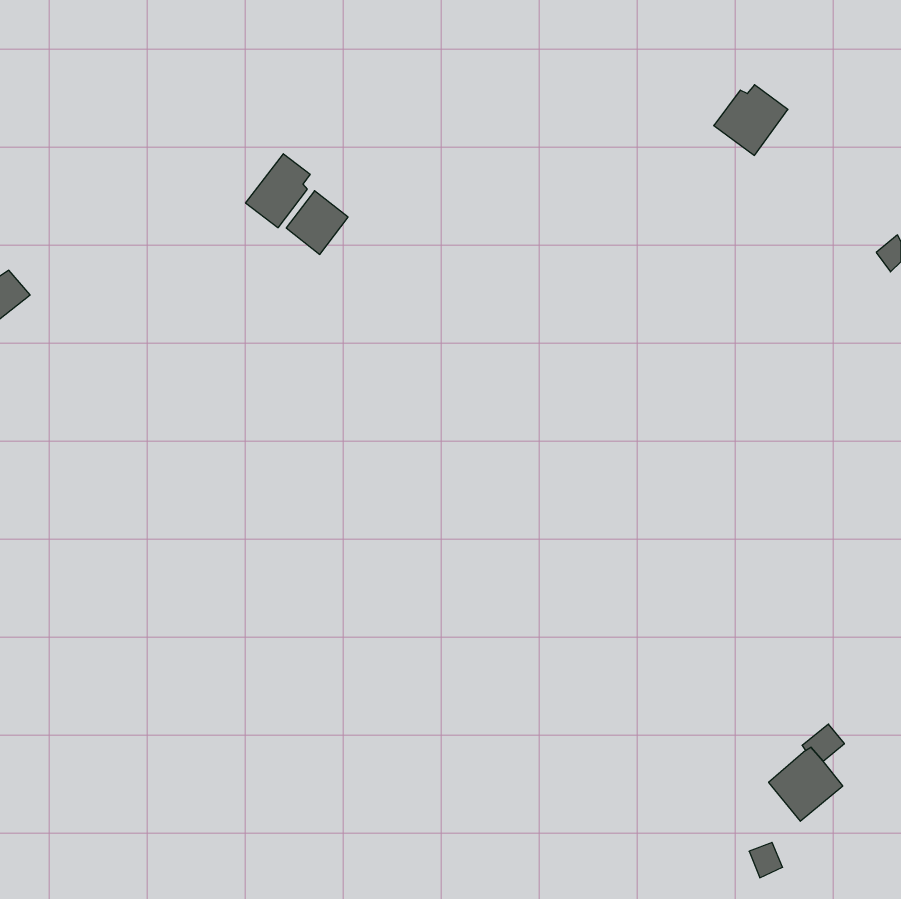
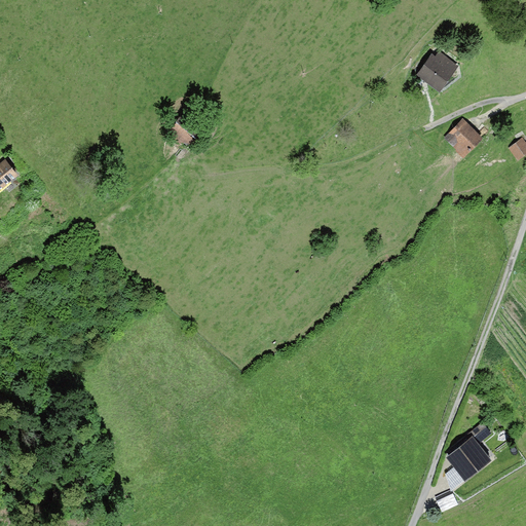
building: [246,154,310,228] -> none
building: none -> [443,118,482,157]

